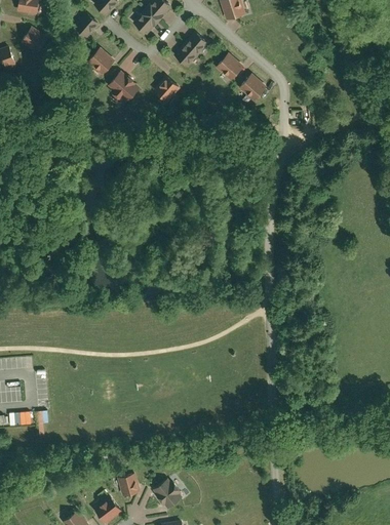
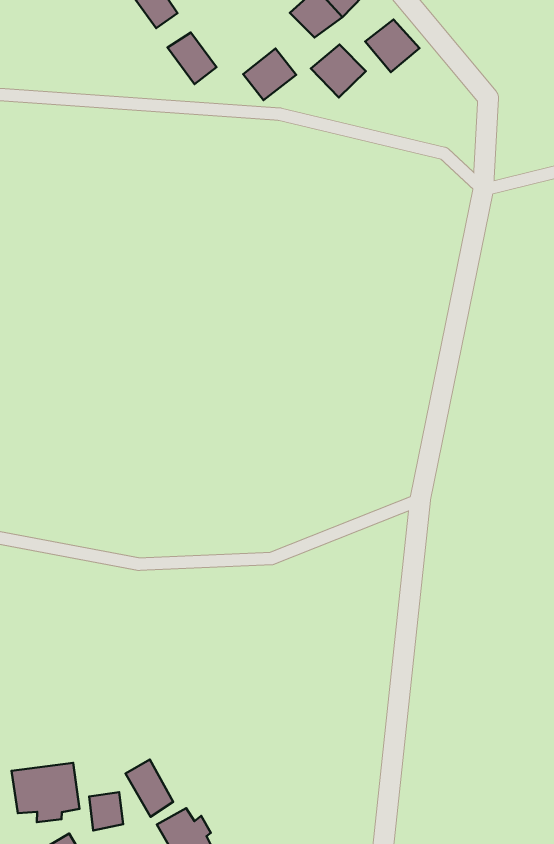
building: [237,74,266,102] -> [311,44,366,98]
building: none -> [126,760,173,817]
building: none -> [11,763,79,822]

